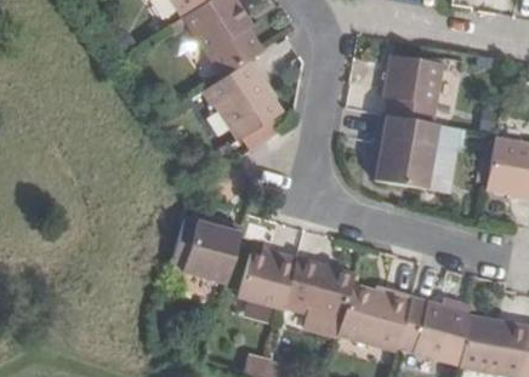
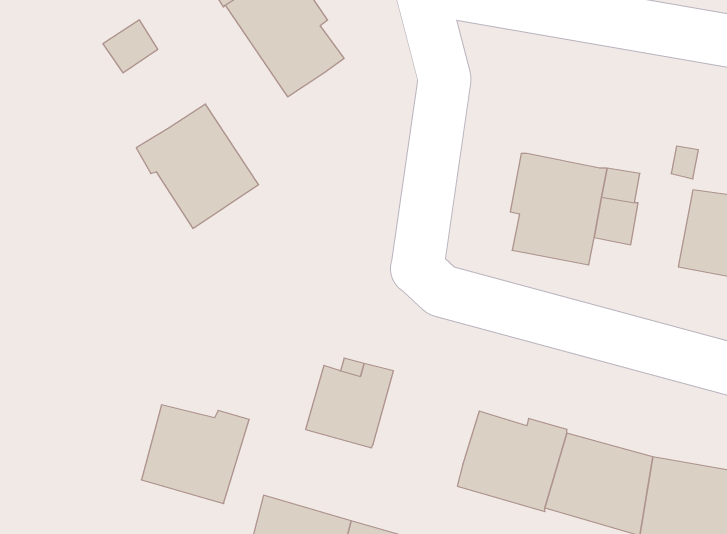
building: [383,55,444,124] -> none
building: [204,61,285,143] -> [136,104,259,228]
building: [171,219,243,285] -> [141,405,249,504]
building: [283,258,355,320] -> none

